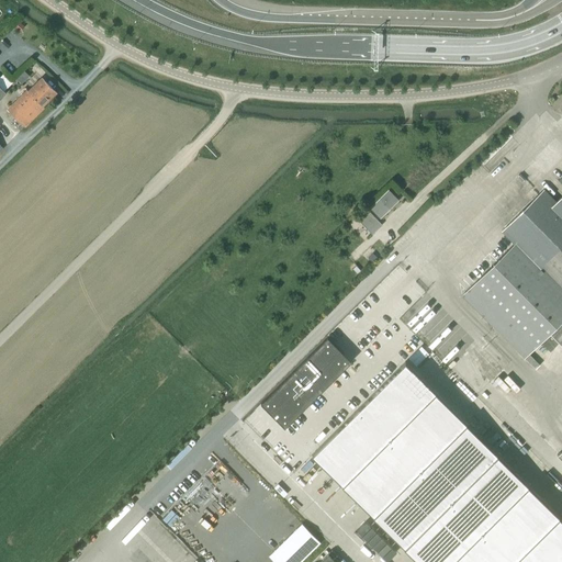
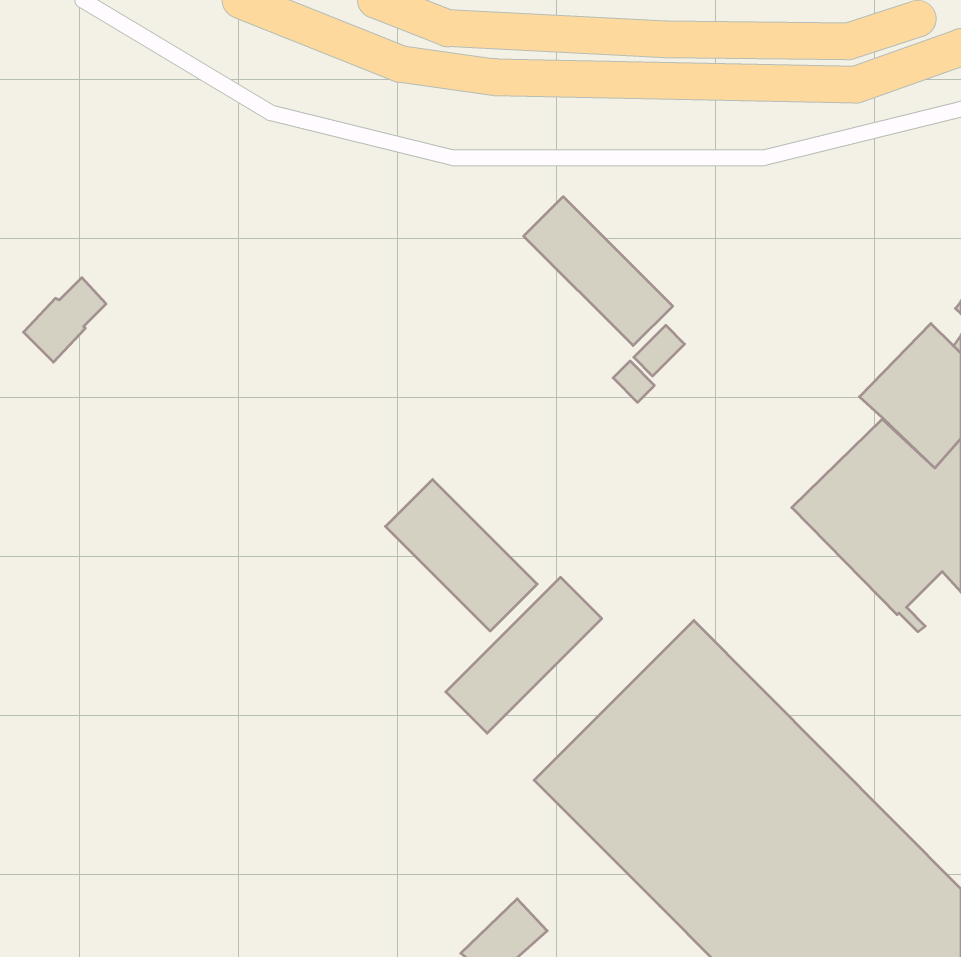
building: [8,80,56,130] -> [23,278,106,362]
building: none -> [524,197,673,346]
building: none -> [385,479,537,631]

